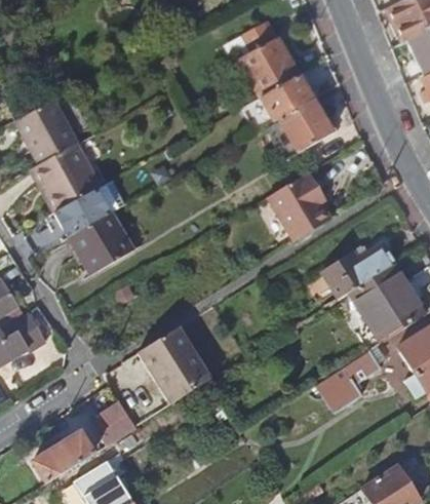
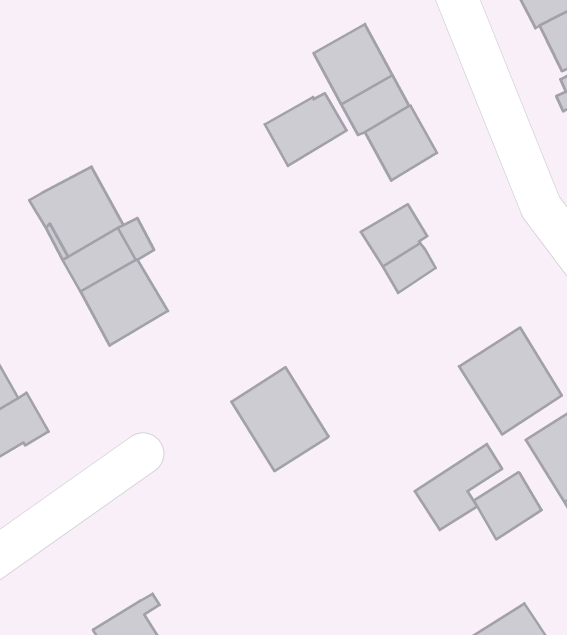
building: none -> [265,93,347,166]
building: [15,99,77,162] -> none
building: [321,231,394,297] -> none
building: [136,327,208,404] -> [231,367,329,471]
building: none -> [474,472,542,539]
building: [88,398,133,443] -> none
building: [32,431,91,482] -> none

